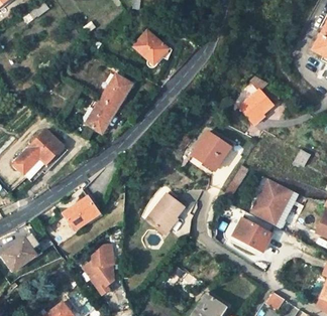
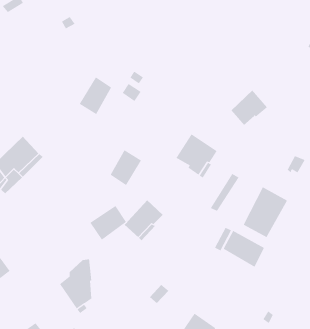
building: [134,34,167,64] -> none
building: [88,102,117,135] -> [110,149,142,186]
building: [64,196,98,228] -> [89,205,127,240]

